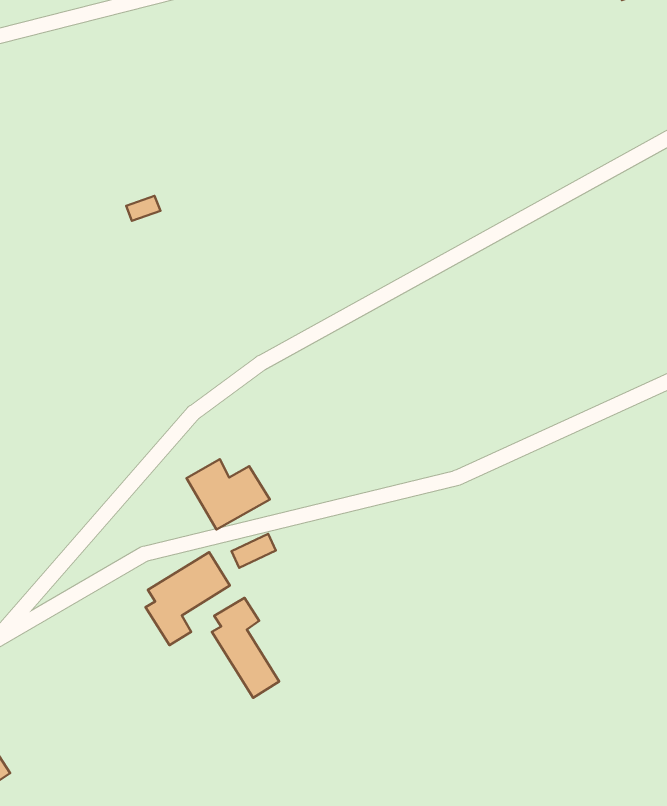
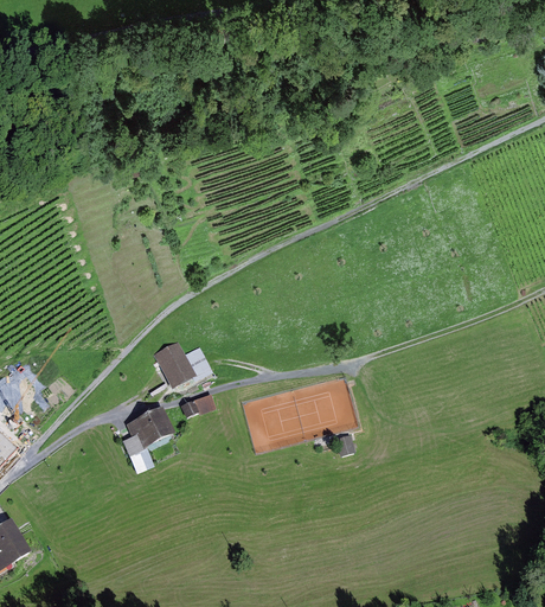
building: [212,598,279,698] -> none

